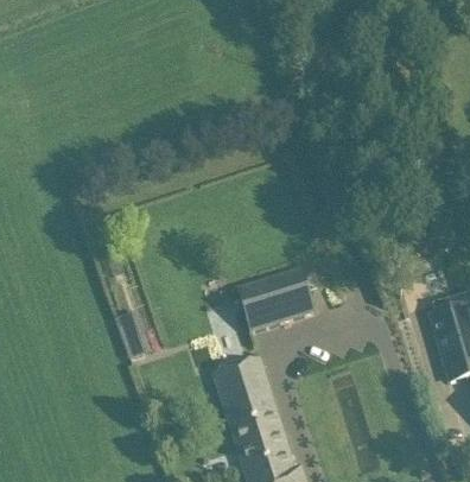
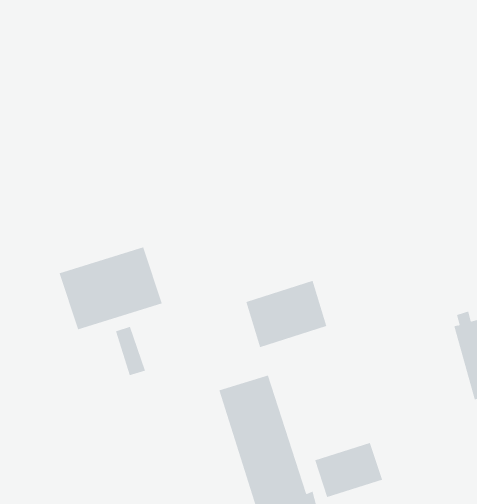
building: none -> [59,246,162,330]
building: none -> [314,442,383,498]

